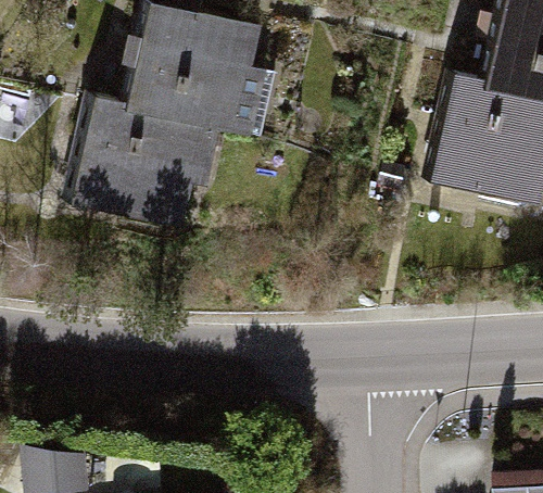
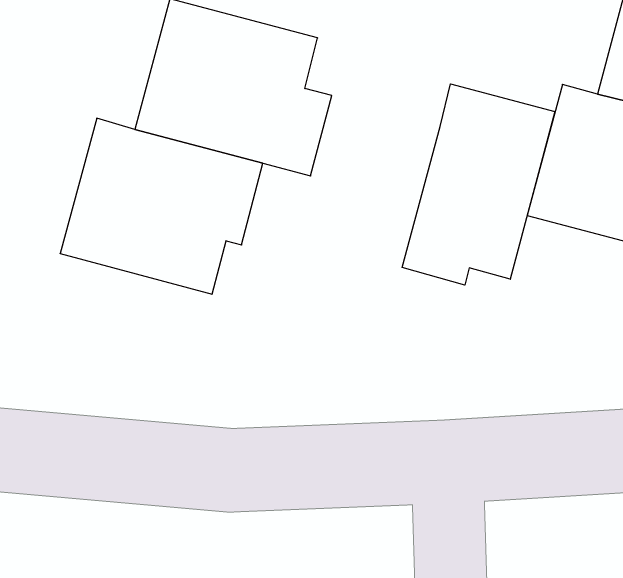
building: none -> [402,84,555,285]

